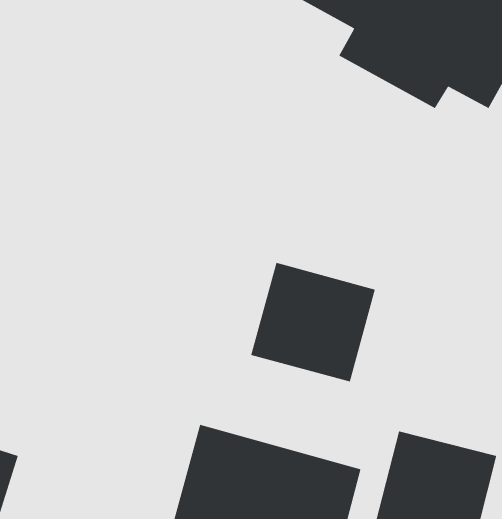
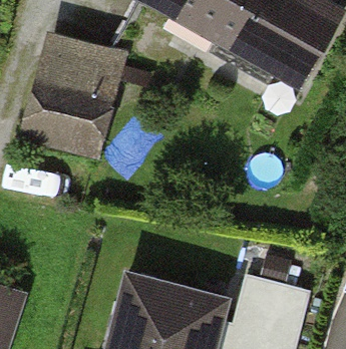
building: none -> [36,38,123,150]
building: [250,262,376,383] -> none

